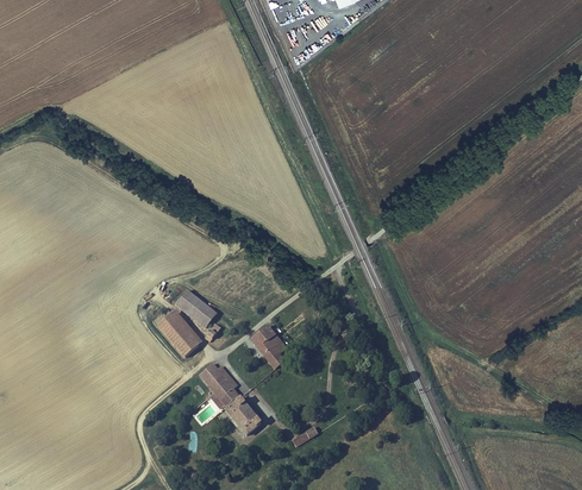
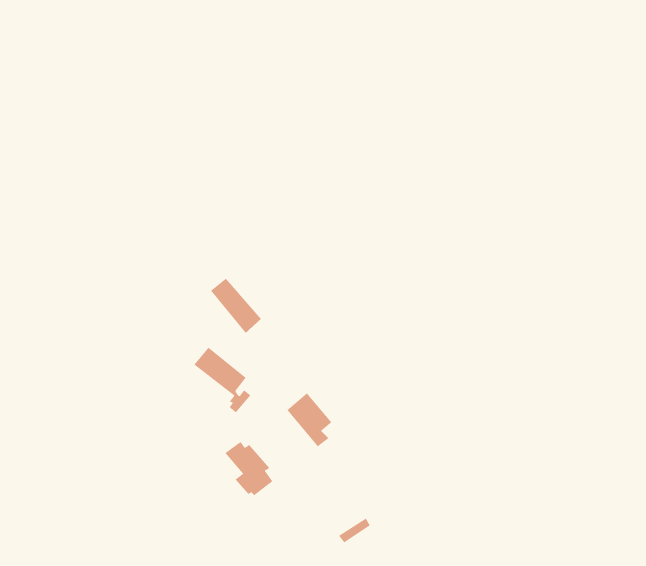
building: [156,310,198,356] -> [210,278,262,334]
building: [225,396,259,433] -> none

